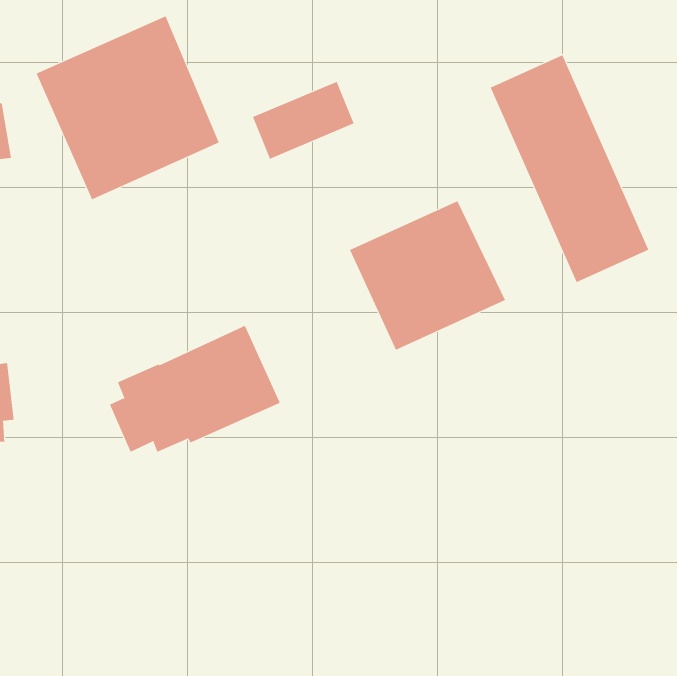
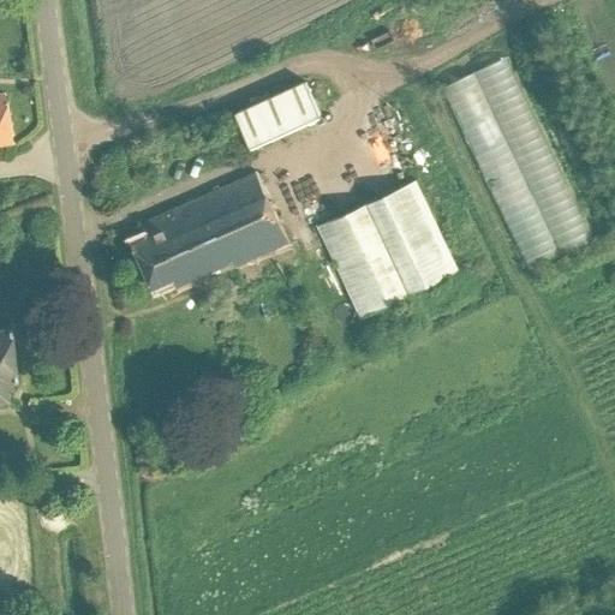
building: [36,16,220,200] -> none
building: [109,325,280,452] -> [133,174,288,289]

